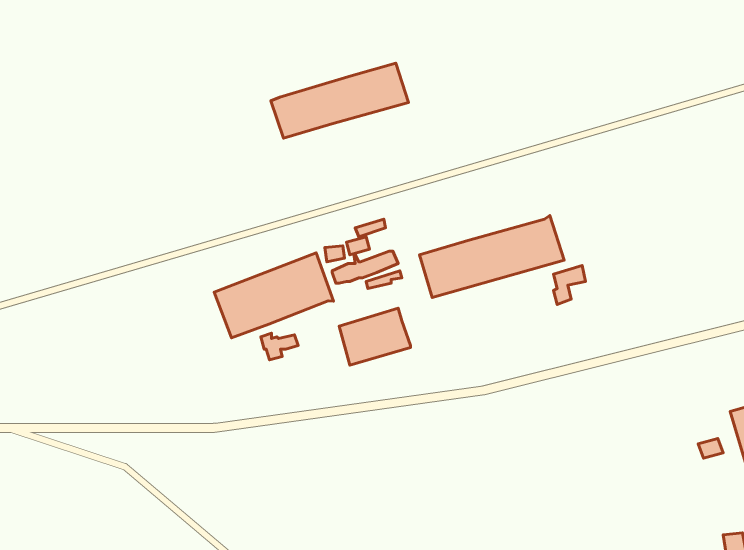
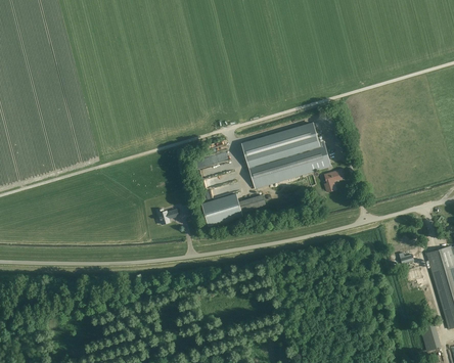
building: [271,63,408,138] -> [240,121,319,164]
building: [214,253,333,338] -> none

